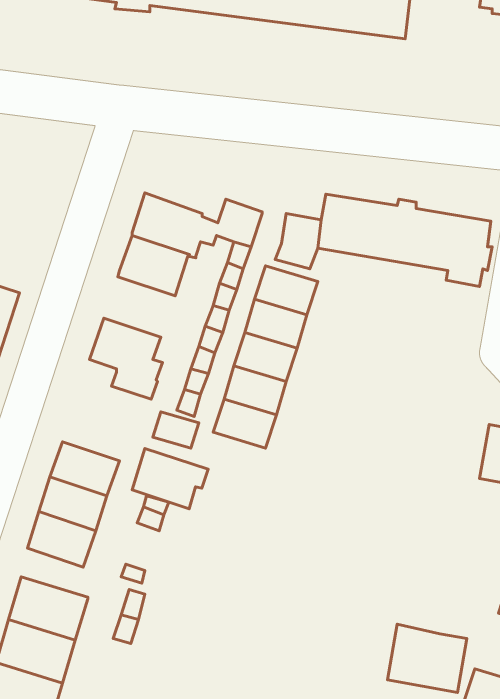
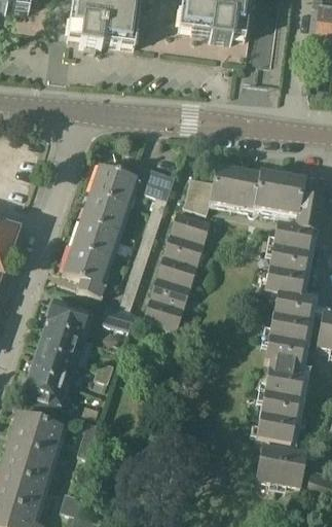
building: none -> [72,217,122,258]
building: none -> [256,222,312,444]
building: [132,449,208,509] -> [45,297,95,337]

